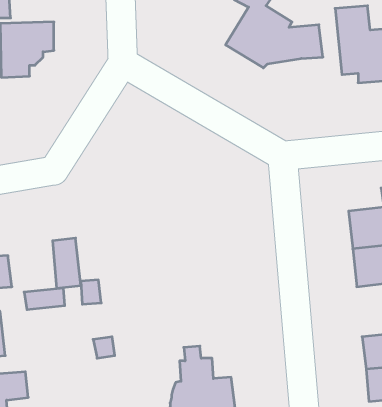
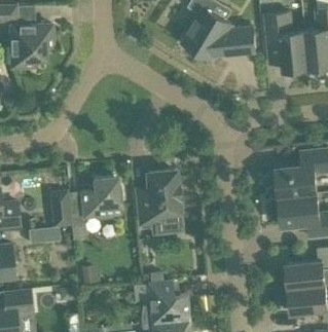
building: none -> [136,170,183,233]
building: none -> [79,176,121,220]

